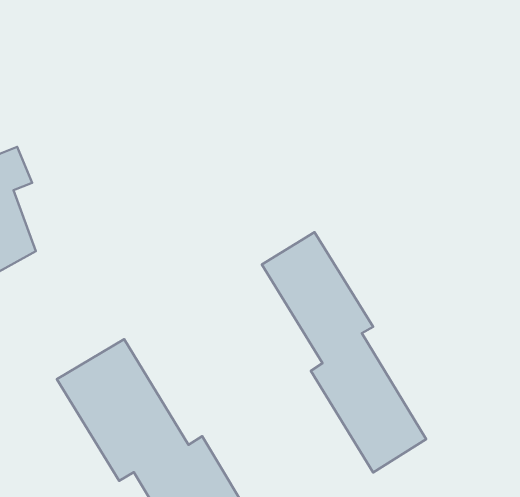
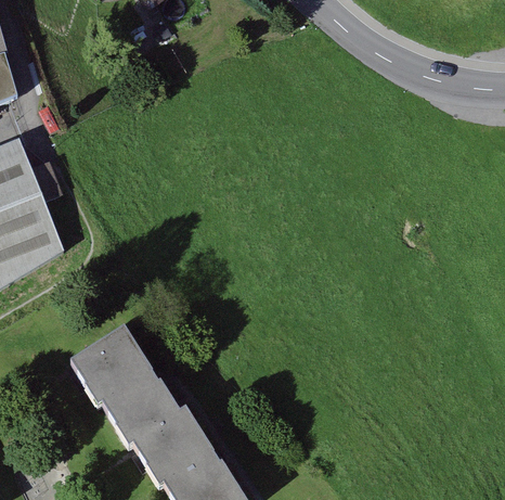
building: [262,232,426,473] -> none

